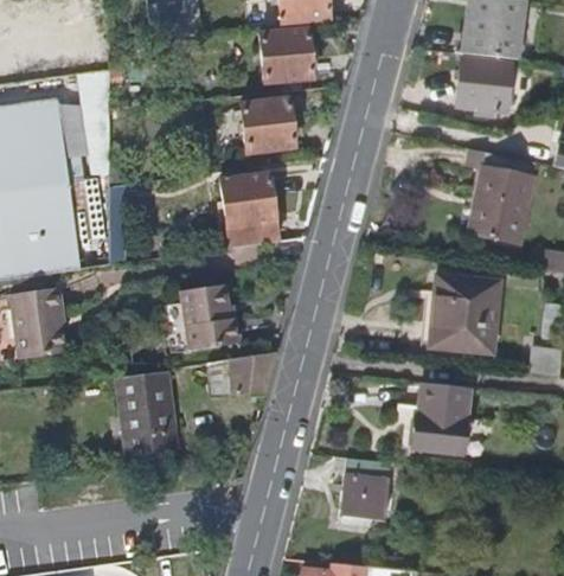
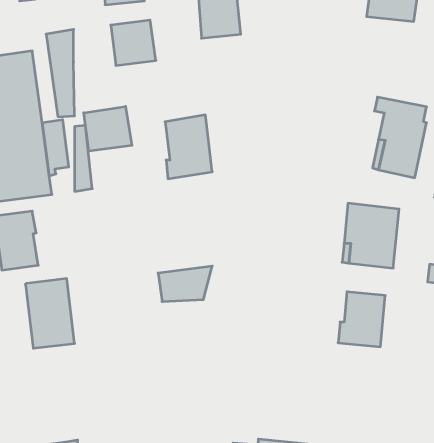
building: [455,58,511,110] -> none
building: [241,96,295,151] -> [111,20,156,65]
building: none -> [84,106,132,151]
building: [165,283,238,352] -> none
building: [120,369,179,453] -> [25,279,75,348]
building: [337,457,390,525] -> none

